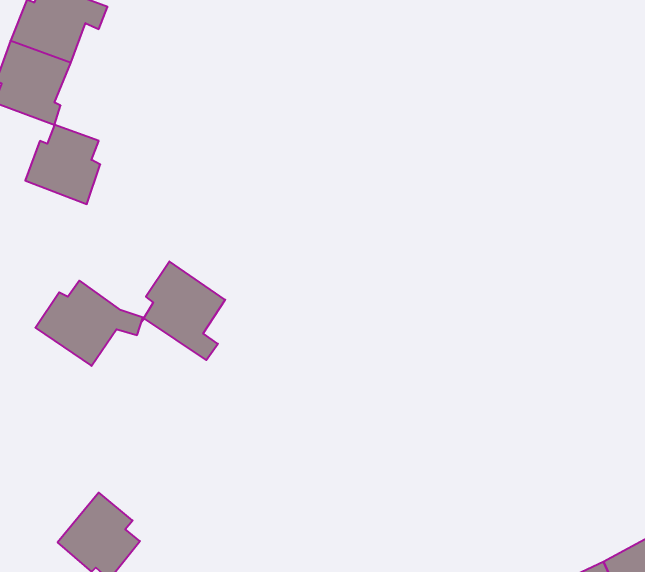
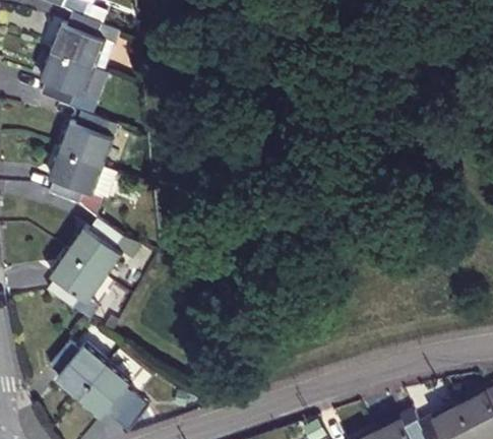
building: none -> [49,147,103,201]
building: [141,261,225,360] -> [48,249,106,317]
building: none -> [52,341,111,397]

